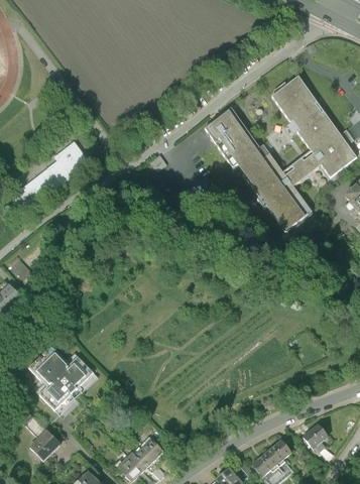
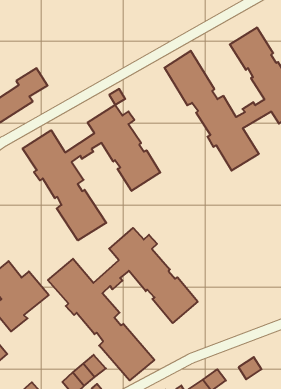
building: none -> [23,105,160,240]
building: none -> [48,228,198,380]

